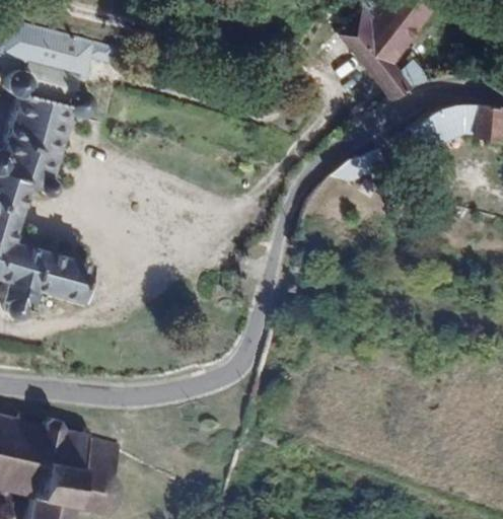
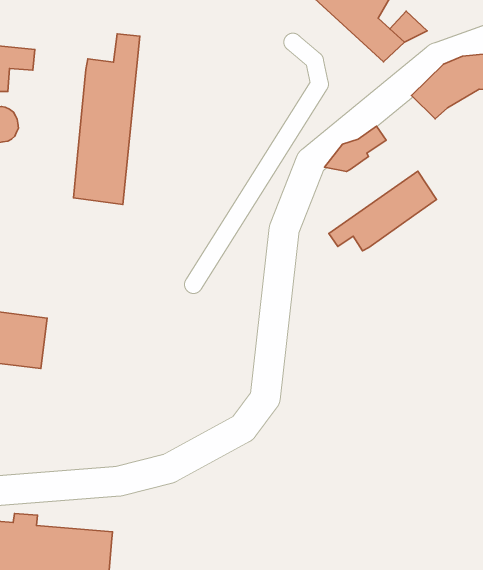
building: none -> [73,34,140,204]
building: none -> [329,171,436,251]

